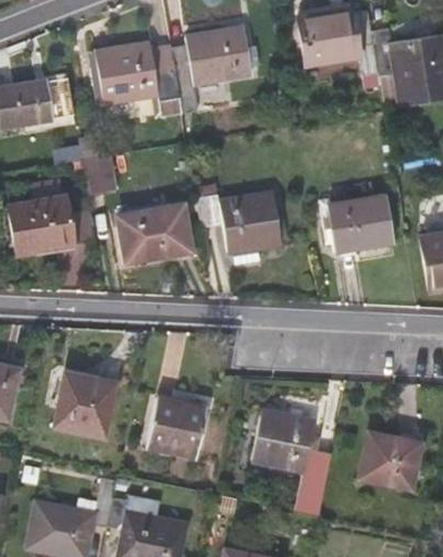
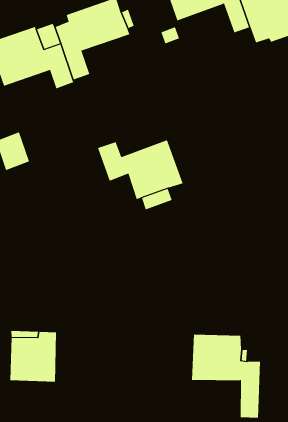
building: [320,197,394,251] -> none
building: [119,205,193,262] -> none
building: [148,398,208,457] -> none

